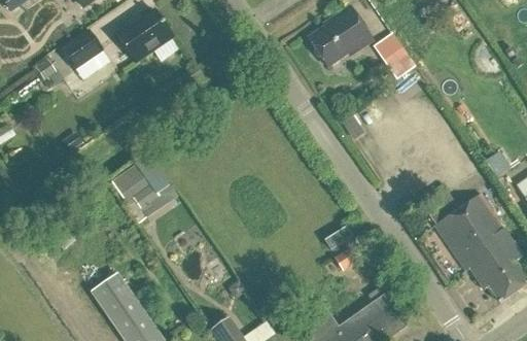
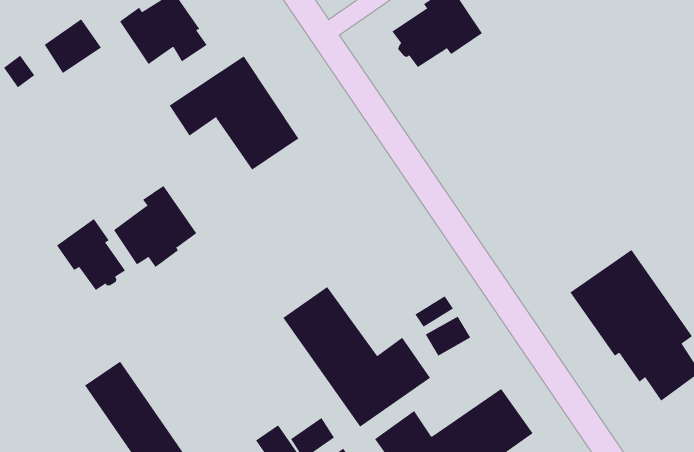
building: [370,30,412,77] -> none
building: none -> [169,56,299,170]
building: none -> [56,218,126,291]
building: none -> [283,286,431,427]

